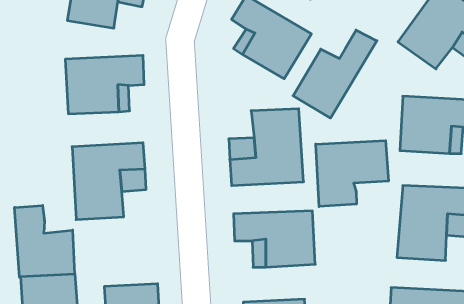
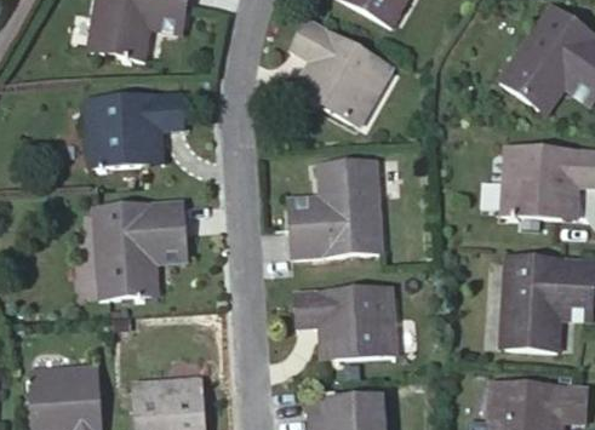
building: [293,30,377,118] -> none
building: [316,141,388,207] -> none
building: [15,205,75,277] -> none

